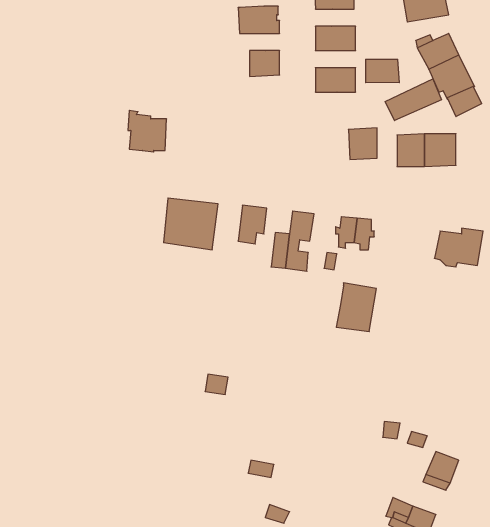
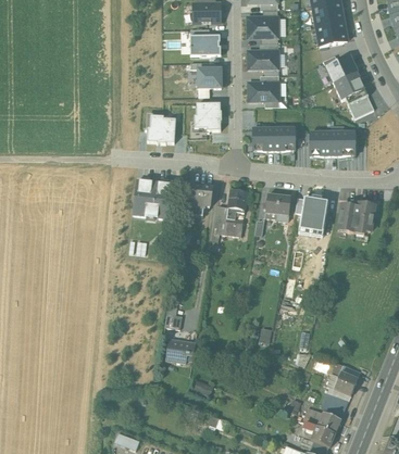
building: [366,59,399,83] -> none
building: [385,79,441,121] -> none
building: none -> [191,102,222,131]
building: [128,110,167,152] -> [146,111,175,142]
building: none -> [252,127,274,150]
building: [336,283,376,332] -> [298,196,328,232]
building: none -> [165,337,195,361]

